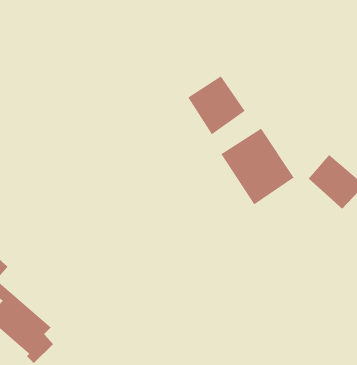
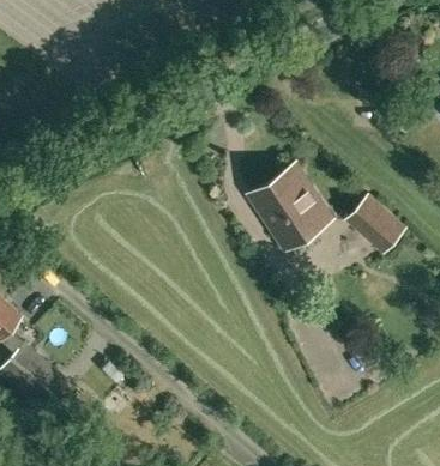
building: [188,76,246,135] -> none

